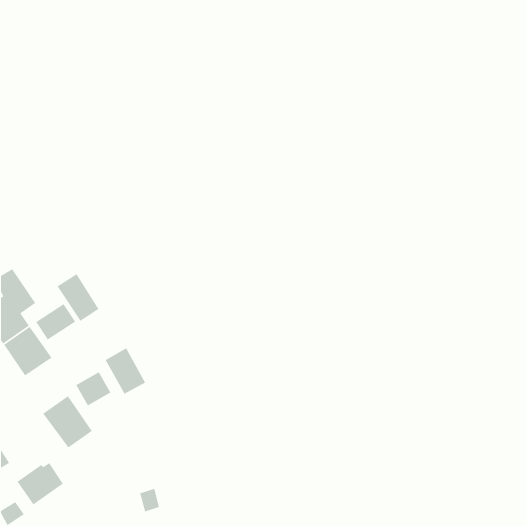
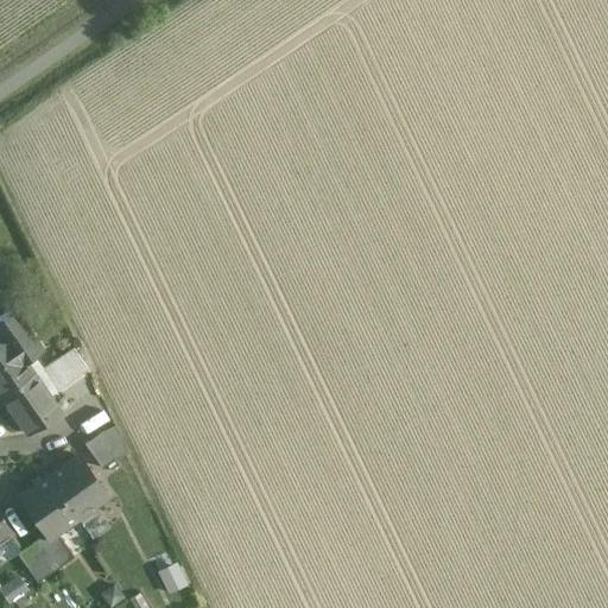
building: [56,273,100,322] -> none
building: [104,347,146,395] -> none
building: none -> [20,477,78,538]

